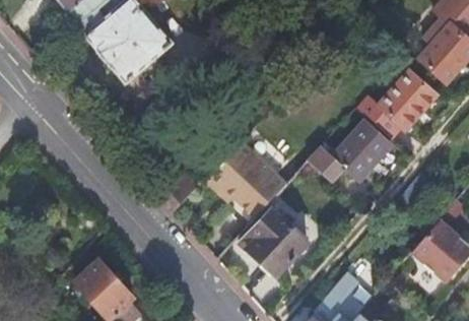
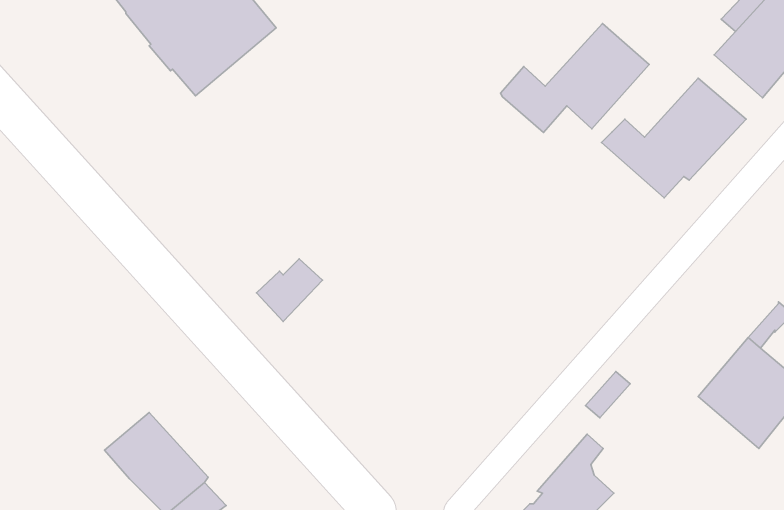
building: [307,121,391,183] -> [501,23,649,133]
building: [203,140,285,217] -> none
building: [240,209,307,275] -> none

